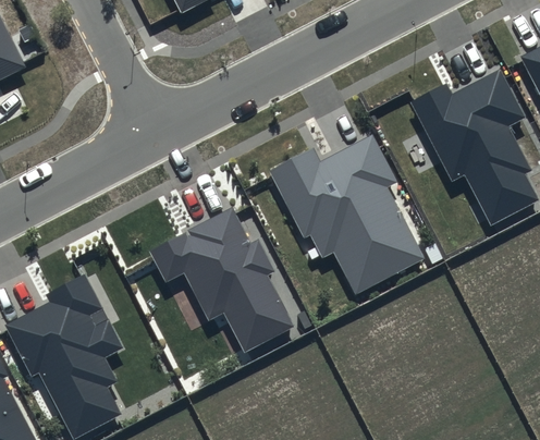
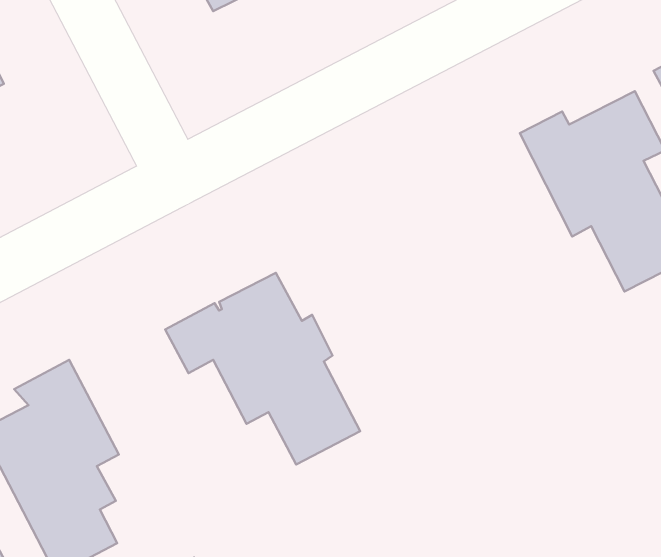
building: [269,135,425,296] -> none

